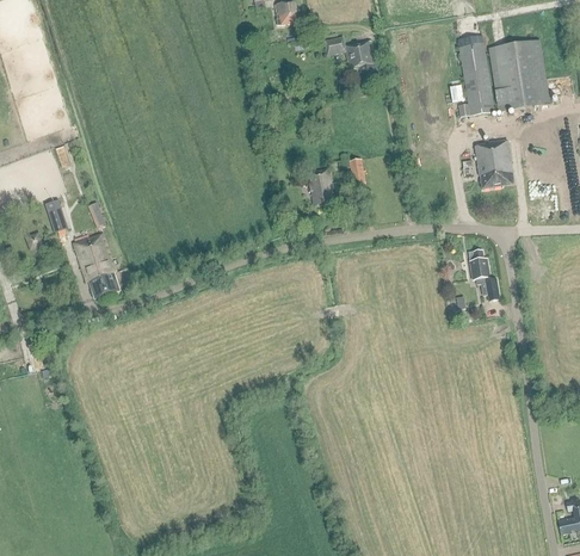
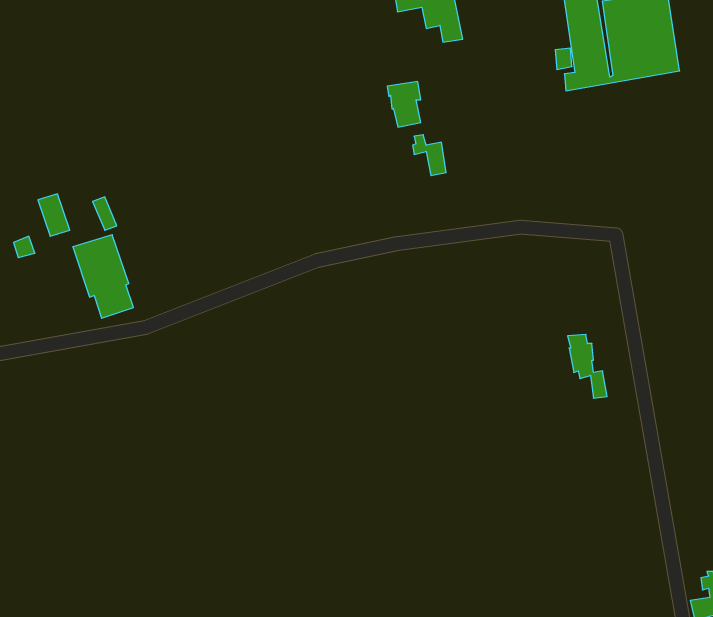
building: [473,138,513,187] -> none
building: [307,167,333,203] -> [387,82,421,127]
building: [468,249,499,299] -> [568,334,607,398]

